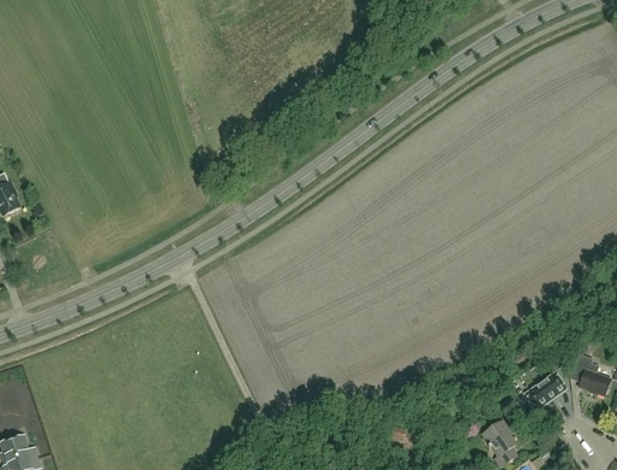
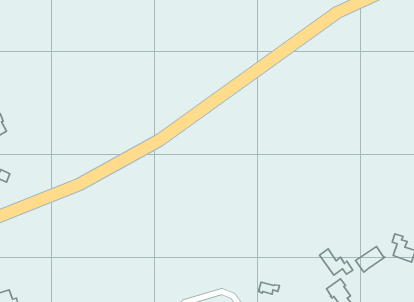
building: none -> [320,249,353,275]

